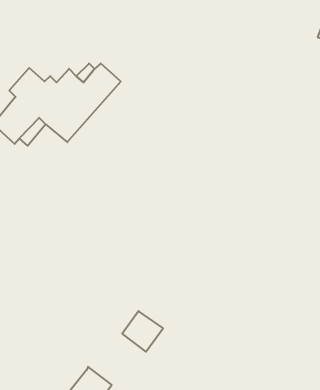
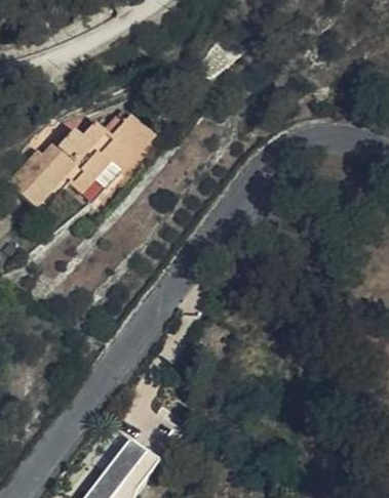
building: [122,311,163,352] -> [117,433,163,480]

